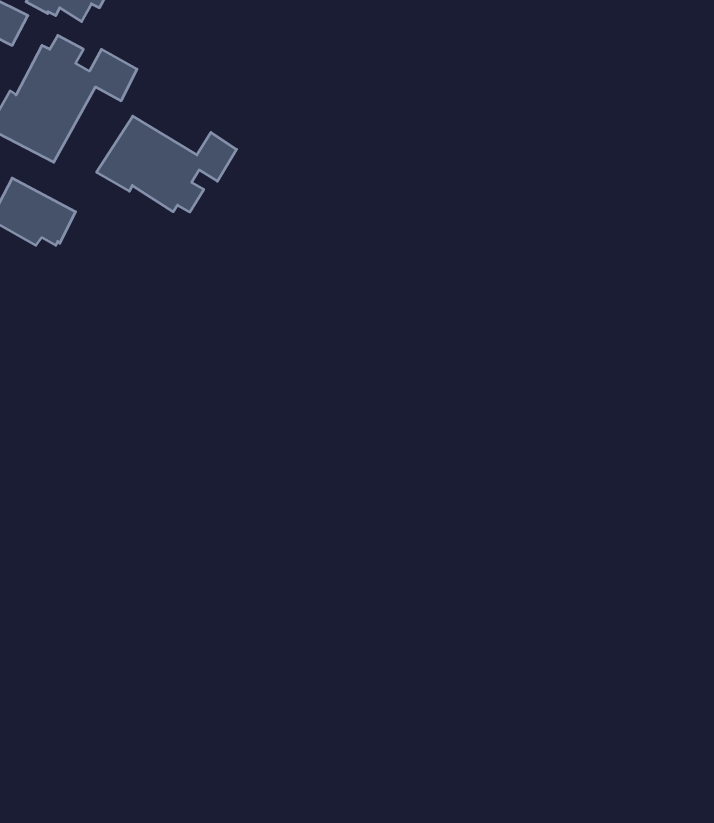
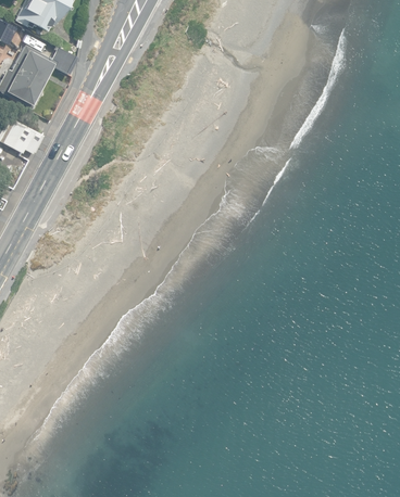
building: [97,116,237,212] -> none

